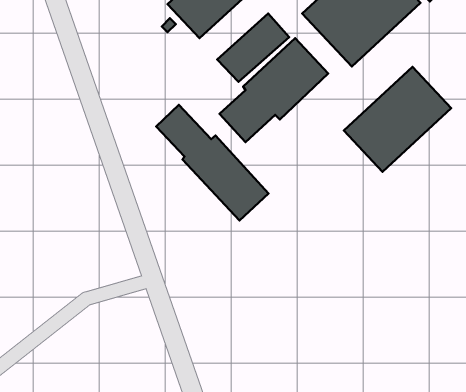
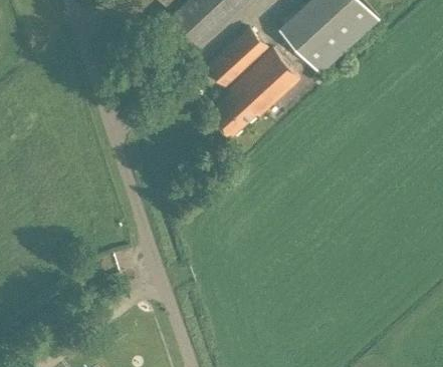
building: [344,67,451,172] -> none
building: [156,105,269,220] -> none

